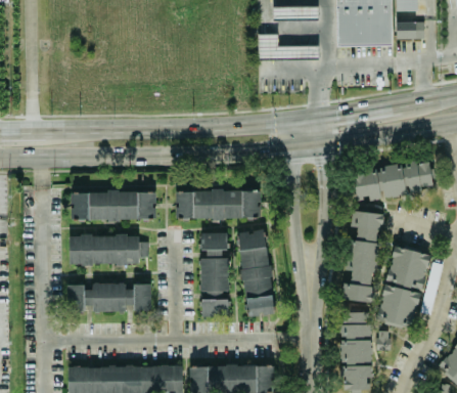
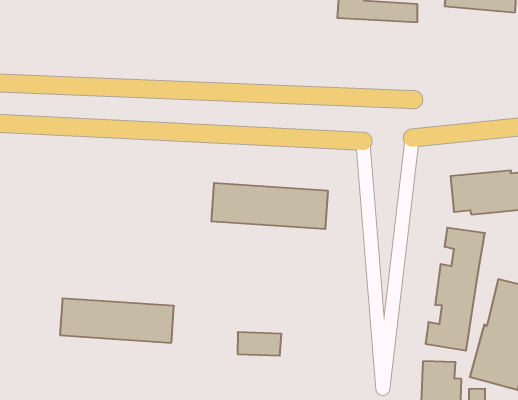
building: [71,190,155,219] -> none
building: [238,230,273,315] -> none
building: [199,231,227,250] -> none
building: [68,234,138,264] -> none
building: [199,257,229,291] -> none

